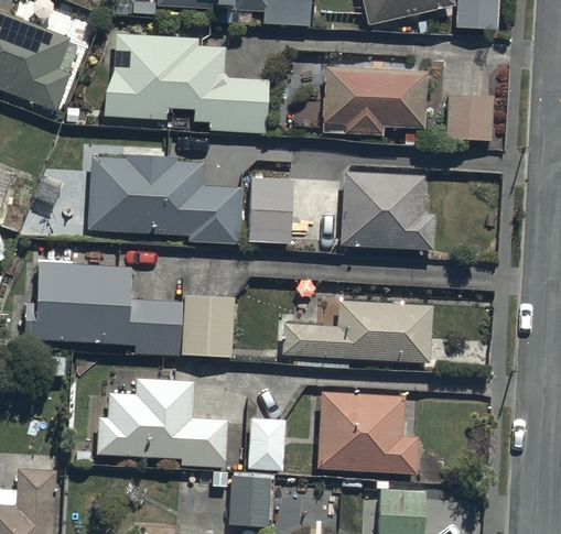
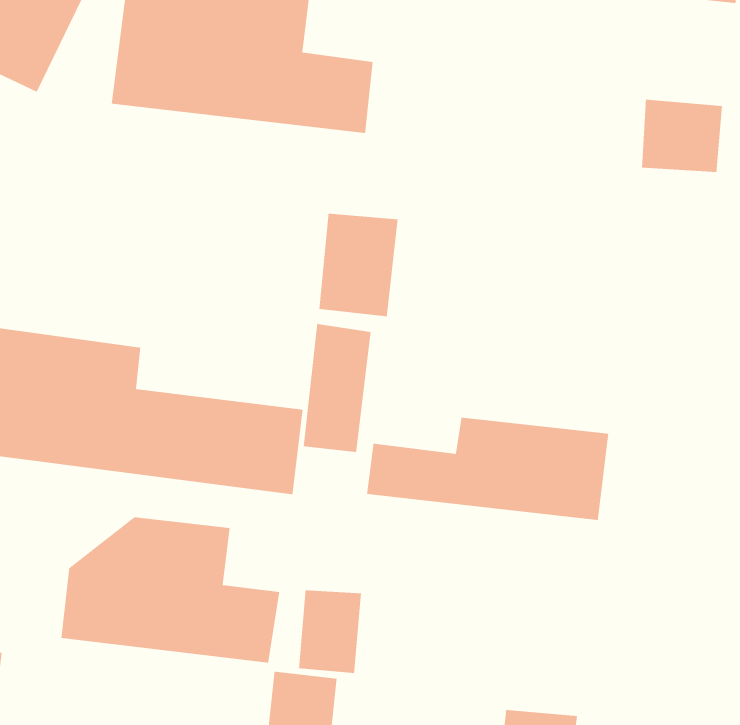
building: [325,68,430,132] -> none
building: [87,154,245,239] -> none
building: [341,174,436,252] -> none
building: none -> [303,323,372,453]
building: [317,393,422,475] -> none

